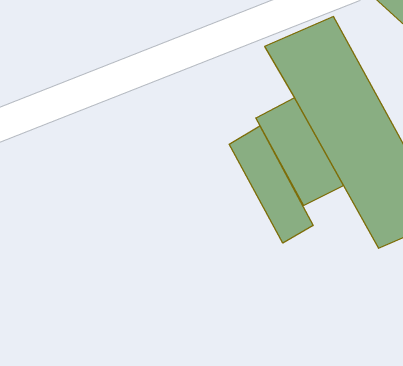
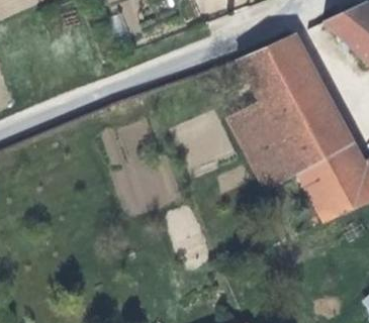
building: [229,126,313,243] -> none

